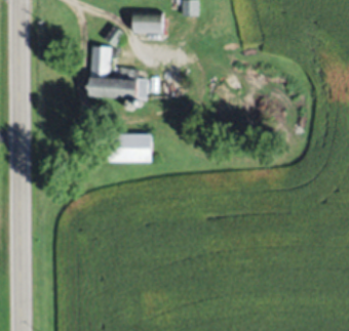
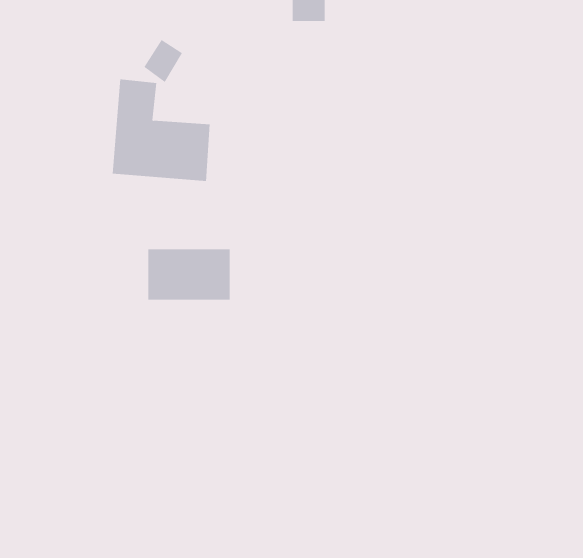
building: [132,13,164,35] -> none

